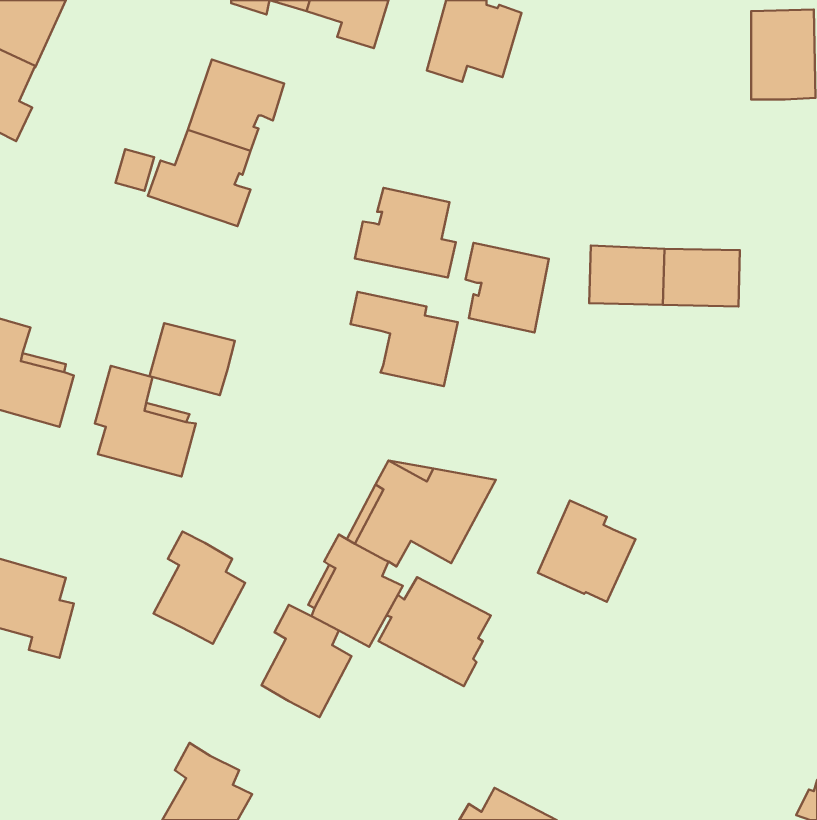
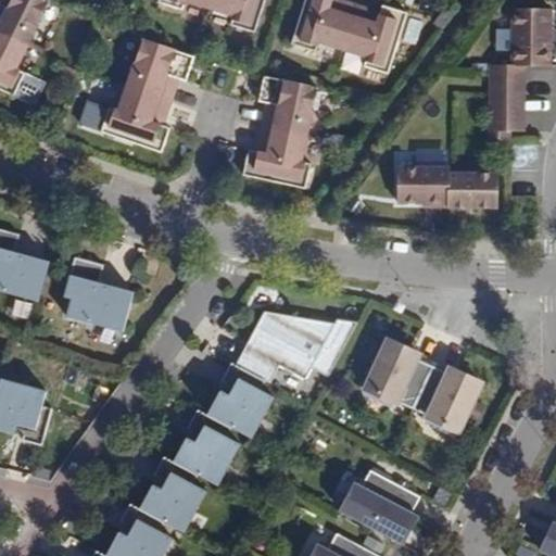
building: none -> [340,9,404,77]
building: none -> [490,67,531,136]
building: [466,243,549,333] -> [257,76,314,137]
building: [350,292,458,386] -> none
building: [150,323,235,395] -> none
building: [154,532,245,644] -> [142,456,204,532]
building: none -> [410,365,479,431]
building: [379,577,491,686] -> [342,470,418,544]

